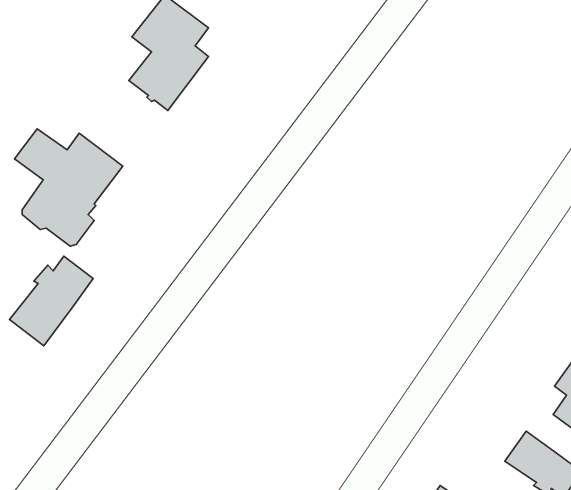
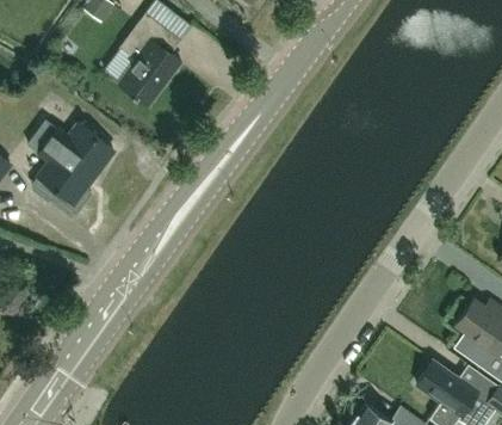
building: [9,256,93,346] -> none

